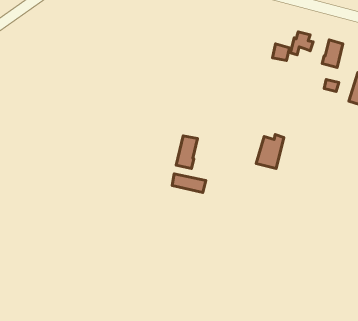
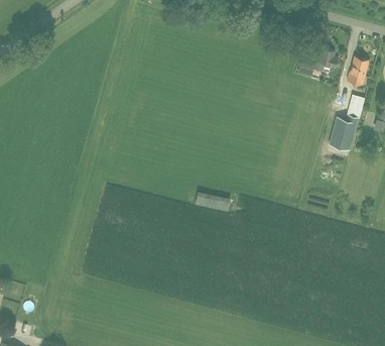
building: [256,135,284,168] -> [330,116,358,150]
building: [176,136,197,168] -> none

